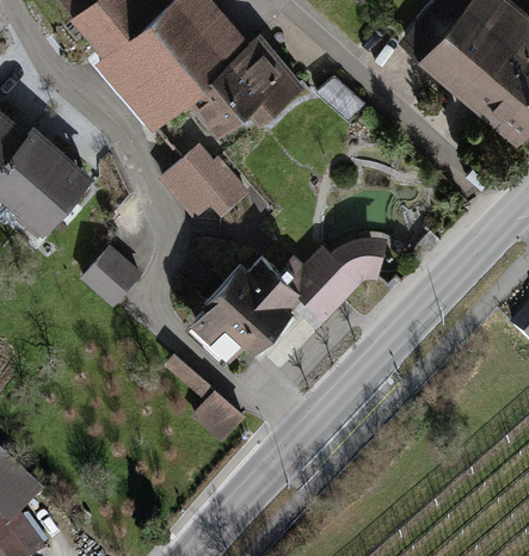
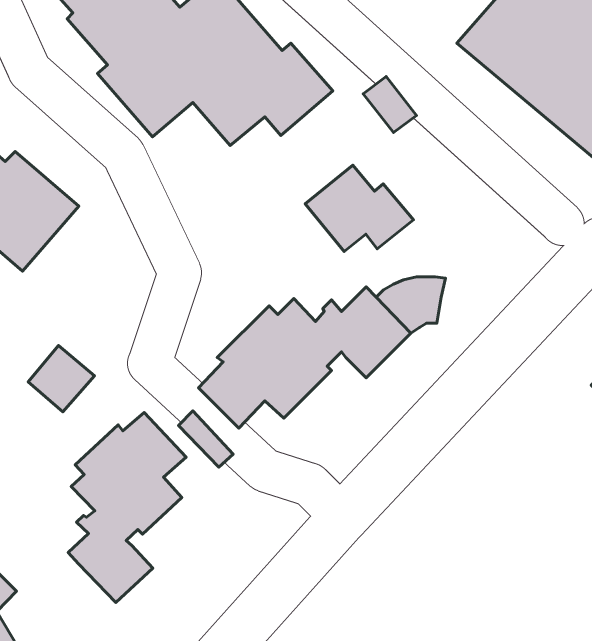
building: [159,146,248,217] -> [305,165,413,252]
building: [79,252,134,307] -> [28,346,95,412]
building: none -> [68,412,186,602]
building: [191,390,244,443] -> none

